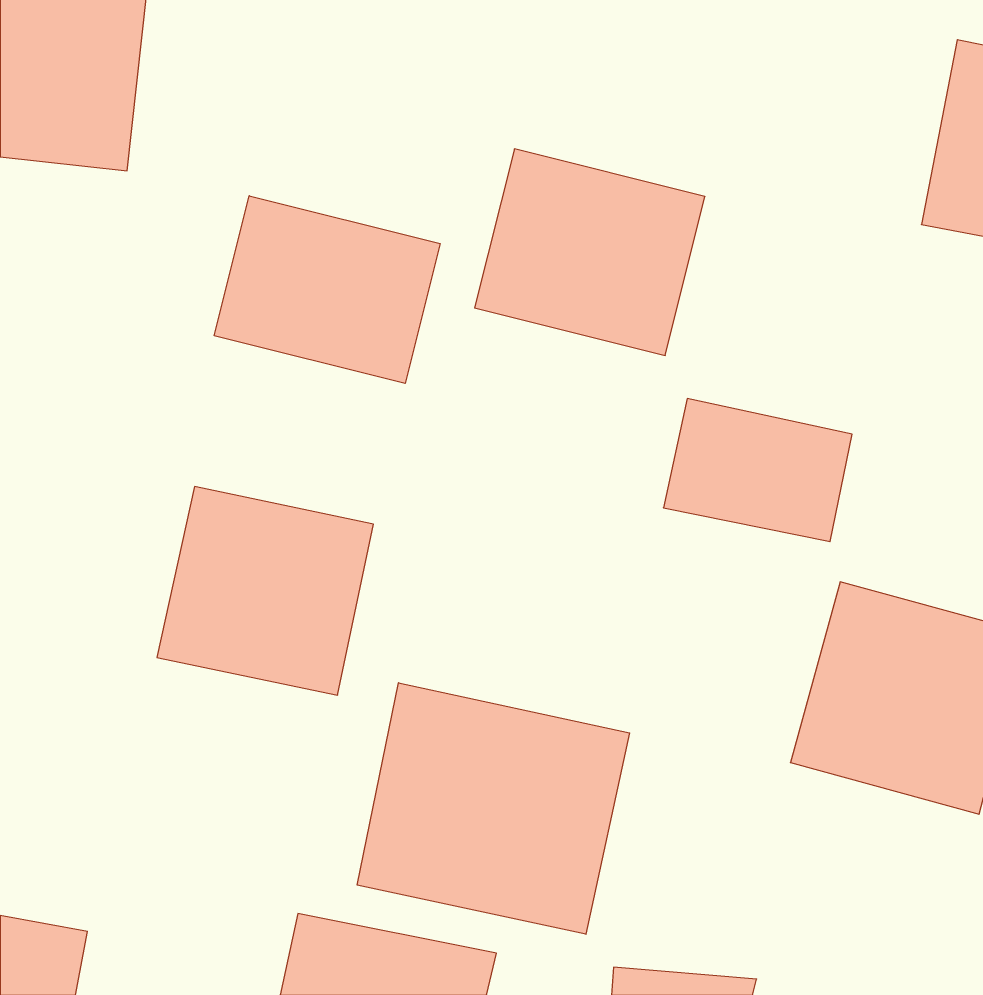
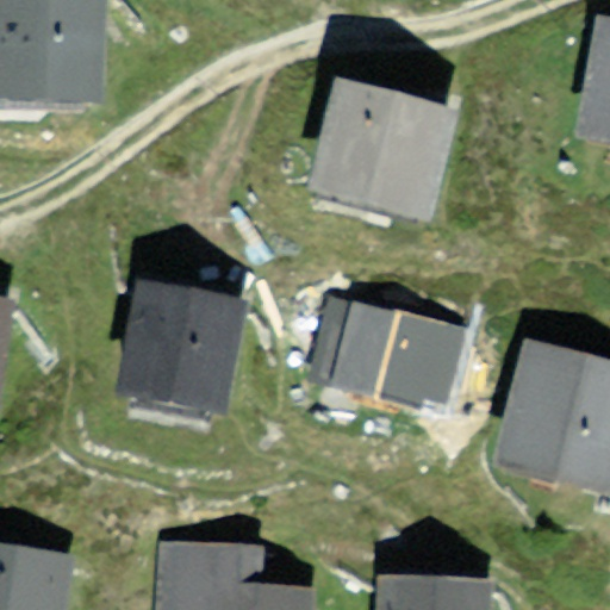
building: [214,196,440,383] -> none
building: [663,399,852,542] -> [326,316,440,402]
building: [357,683,630,934] -> none

